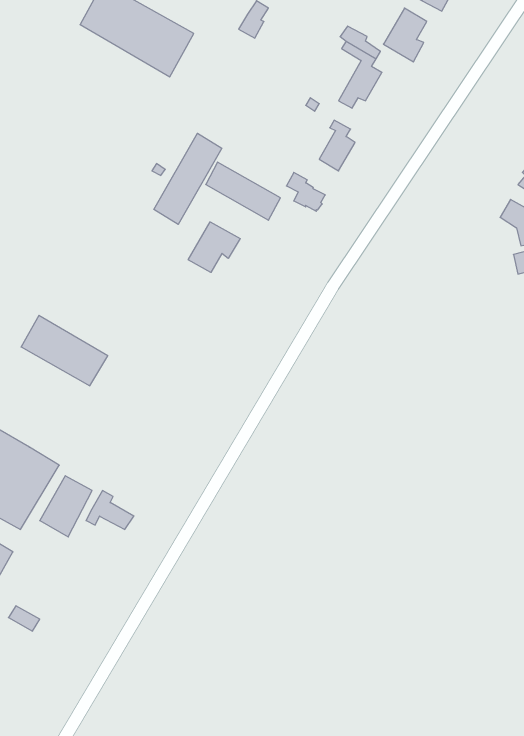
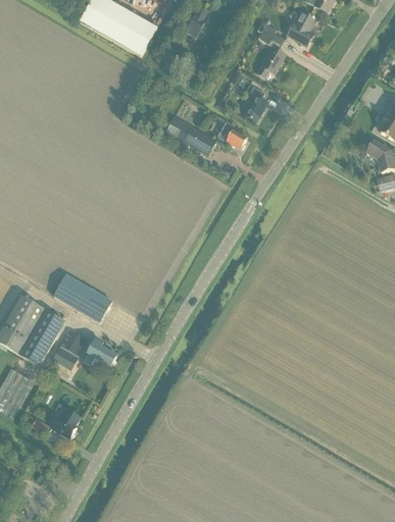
building: [154,133,222,224] -> none
building: [188,222,240,272] -> none
building: [21,315,108,386] -> [52,272,111,320]
building: none -> [52,407,79,436]

